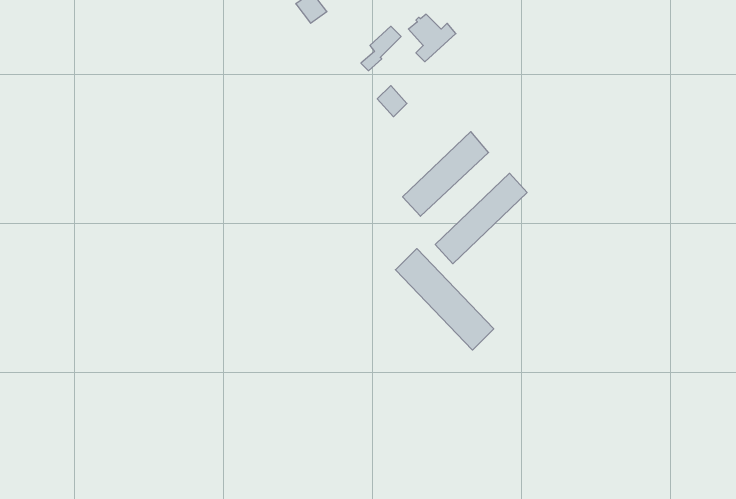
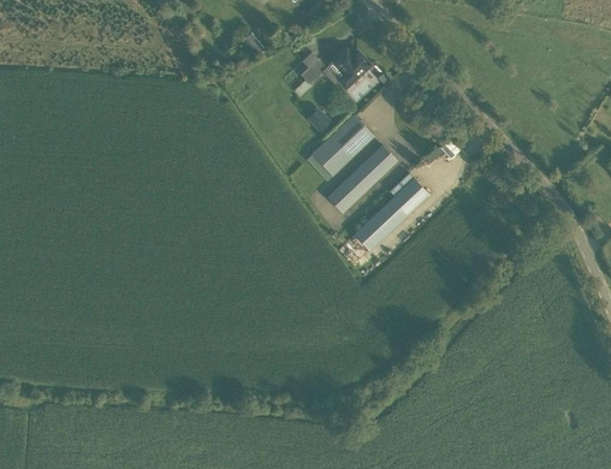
building: none -> [312,114,374,176]
building: [395,249,494,350] -> none

